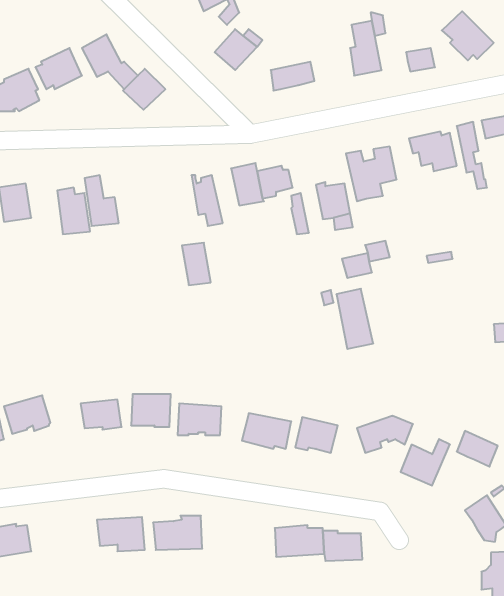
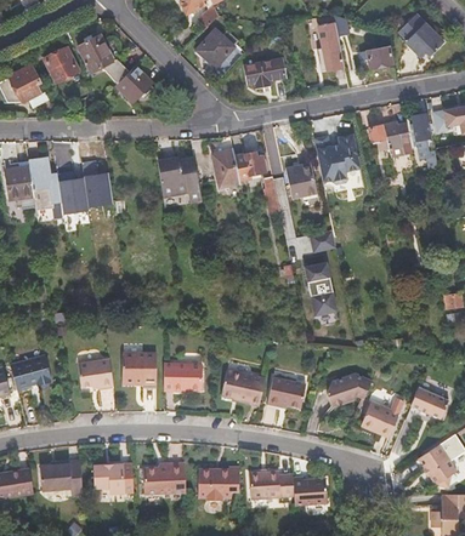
building: none -> [27,155,58,210]
building: [182,243,211,285] -> [157,160,182,198]
building: none -> [40,463,81,495]
building: none -> [199,466,240,500]

